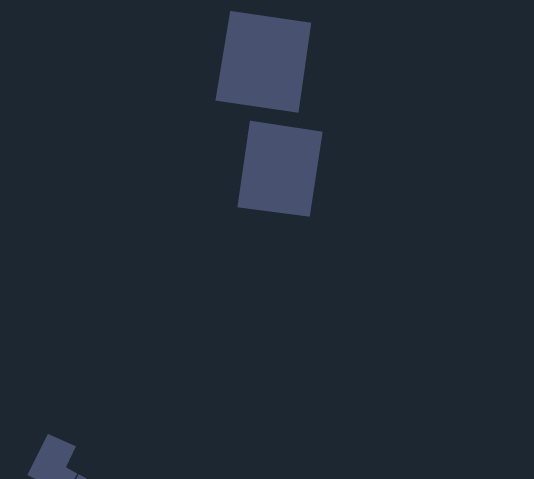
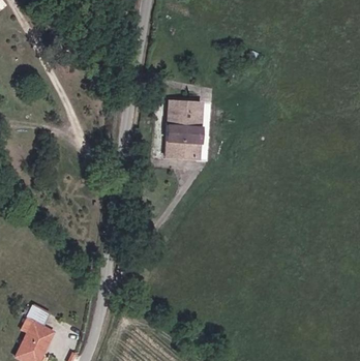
building: [215,10,312,114] -> none

